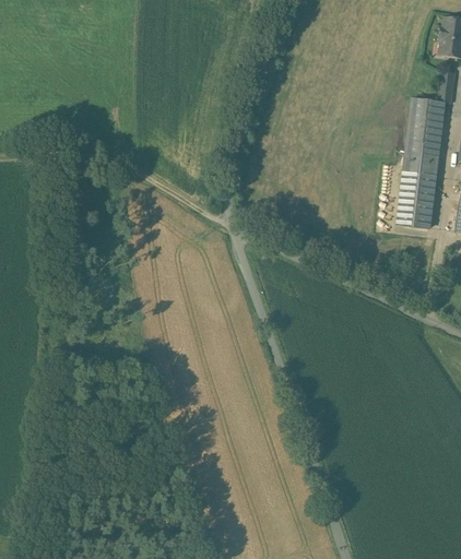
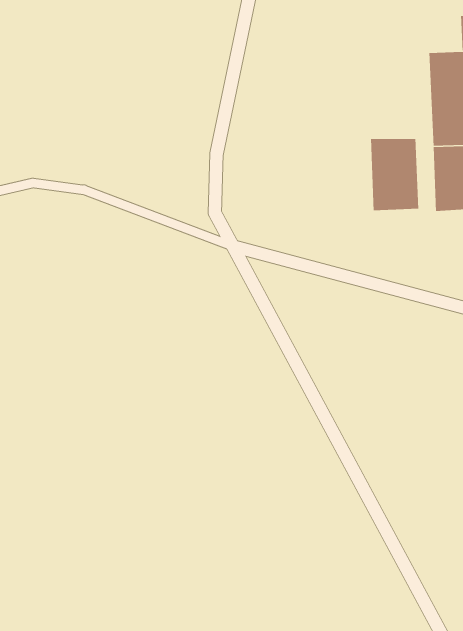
building: none -> [370,138,419,211]

